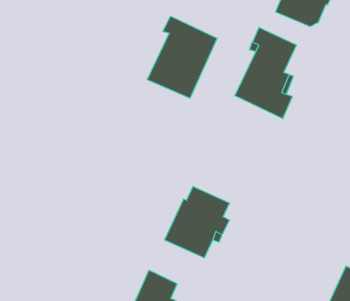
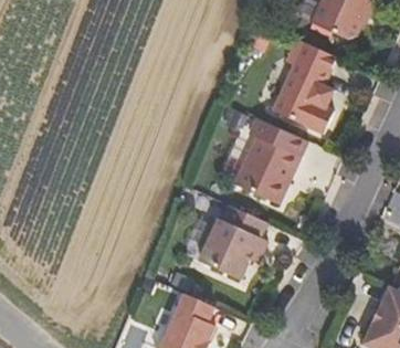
building: [147,17,217,98] -> [232,122,306,208]

